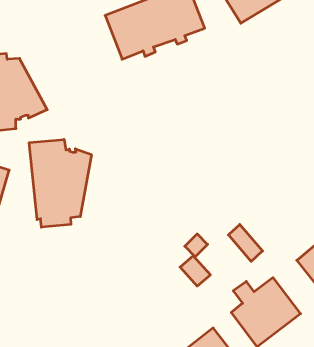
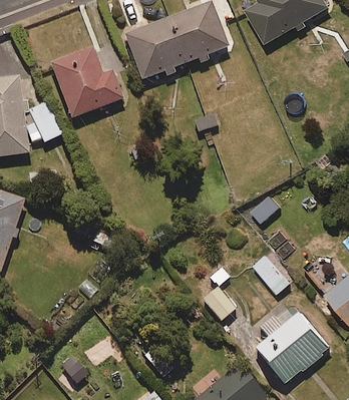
building: none -> [51,46,123,117]
building: [29,139,91,227] -> none

